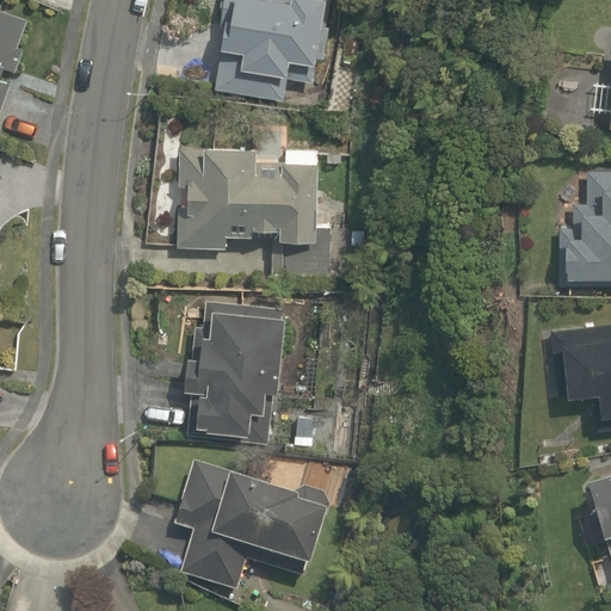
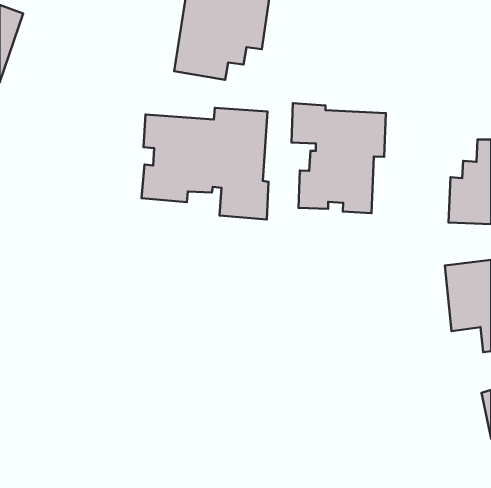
building: none -> [291,103,386,213]
building: [185,306,295,432] -> none
building: [173,461,337,591] -> none

